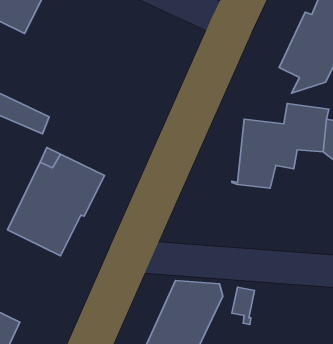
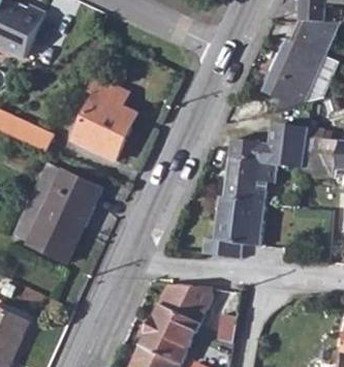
building: none -> [70,78,136,160]
building: none -> [212,195,263,256]

